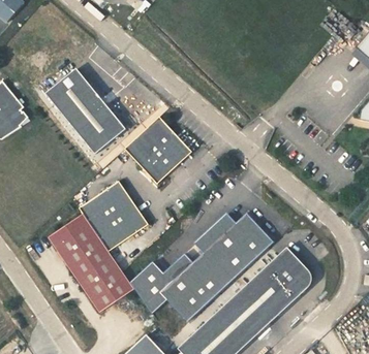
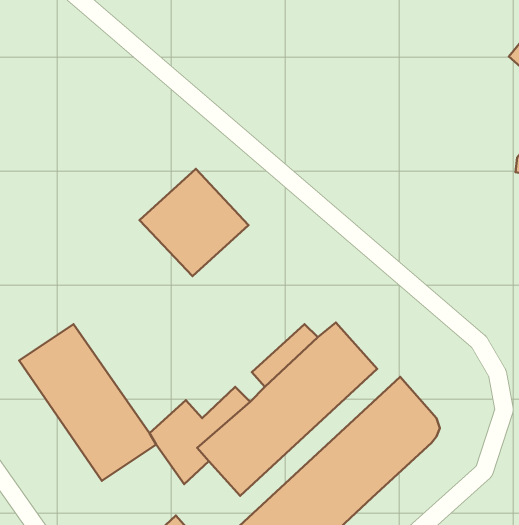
building: [44,68,125,154] -> none
building: [79,181,148,251] -> none

